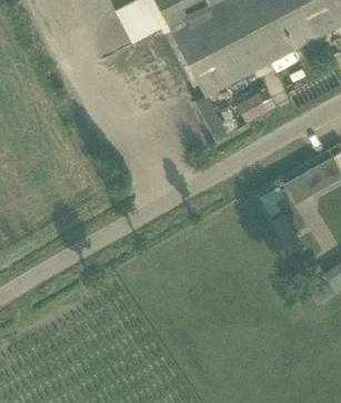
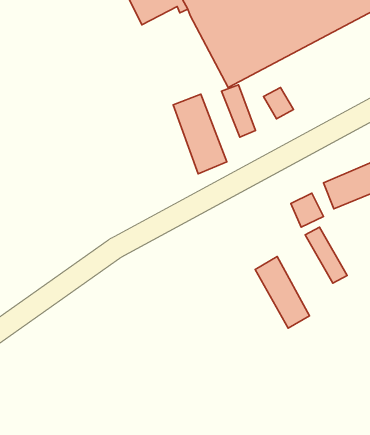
building: none -> [173,94,227,174]
building: none -> [255,256,310,328]

